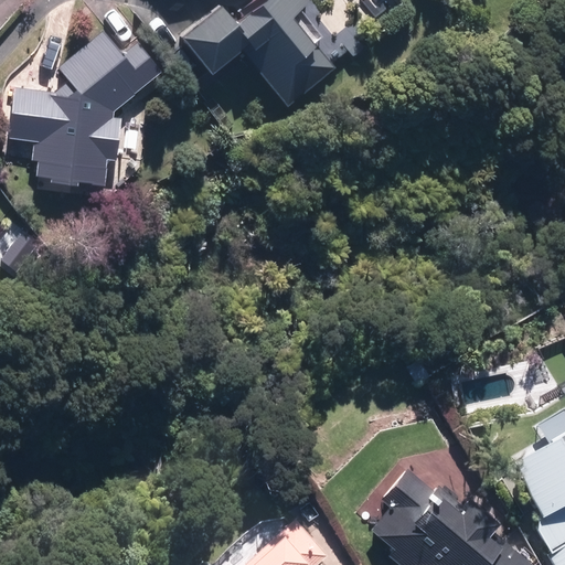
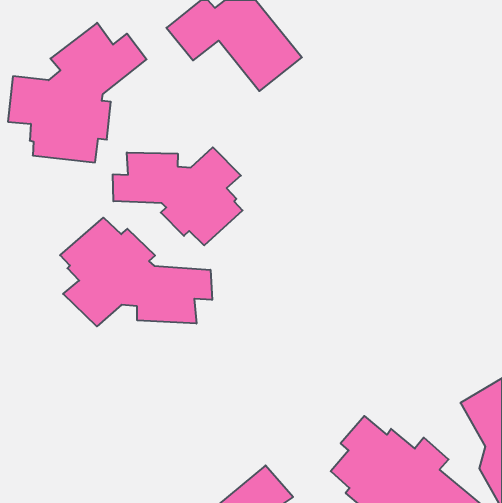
building: none -> [113,147,243,245]
building: none -> [60,218,212,326]

